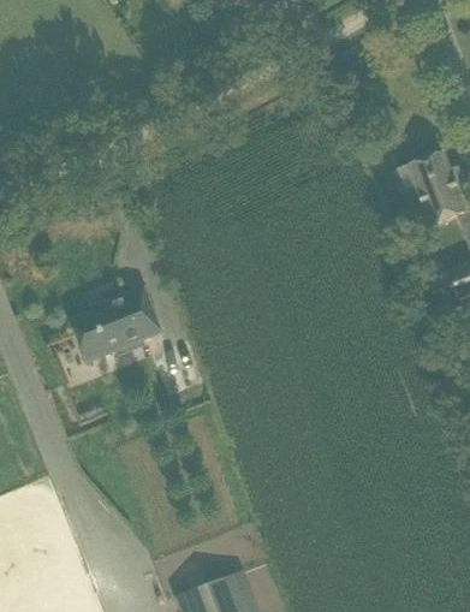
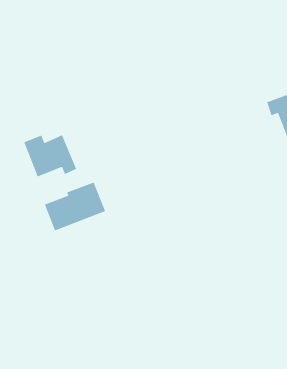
building: none -> [23,134,77,177]

